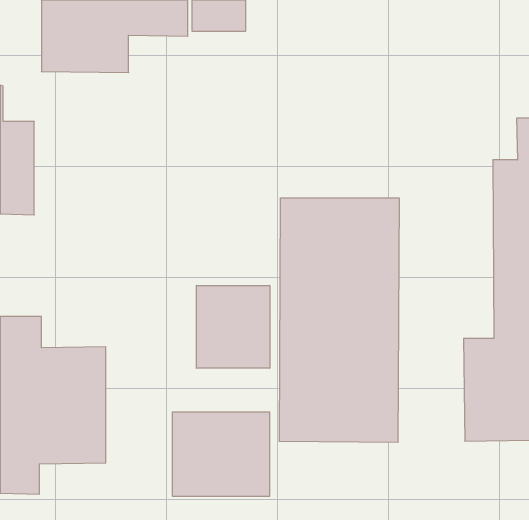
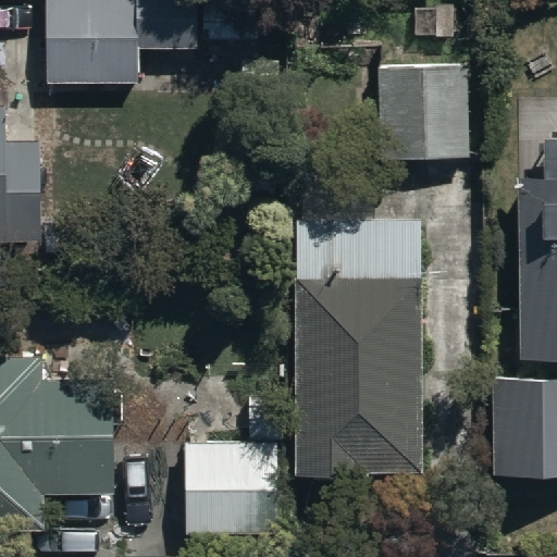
building: none -> [380,65,470,158]
building: [196,285,270,368] -> none

